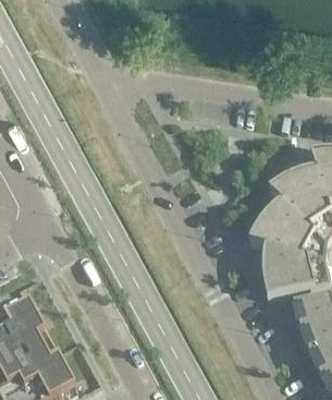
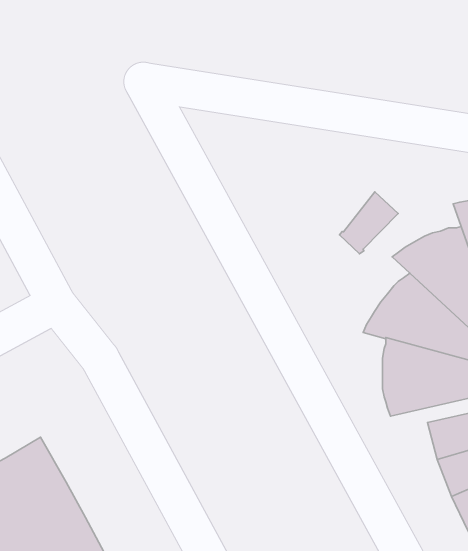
building: none -> [339,192,398,254]

